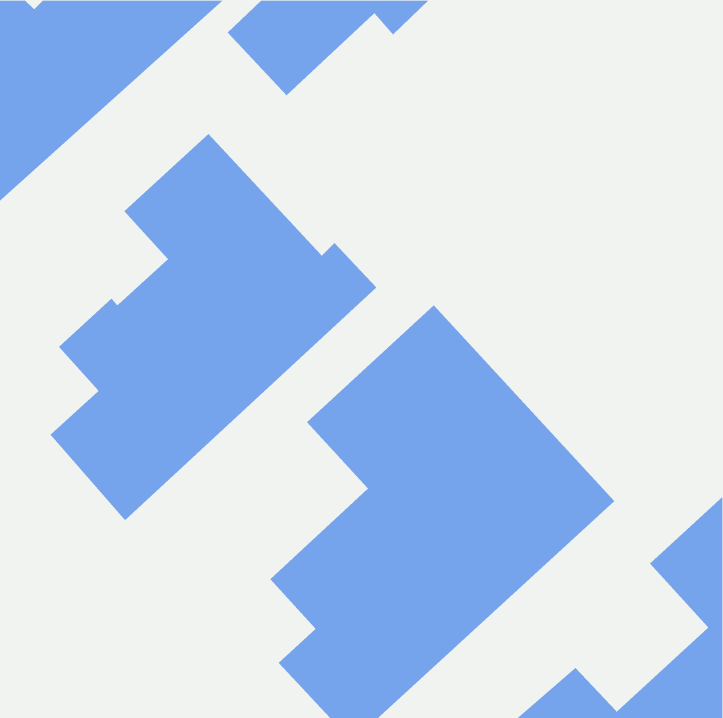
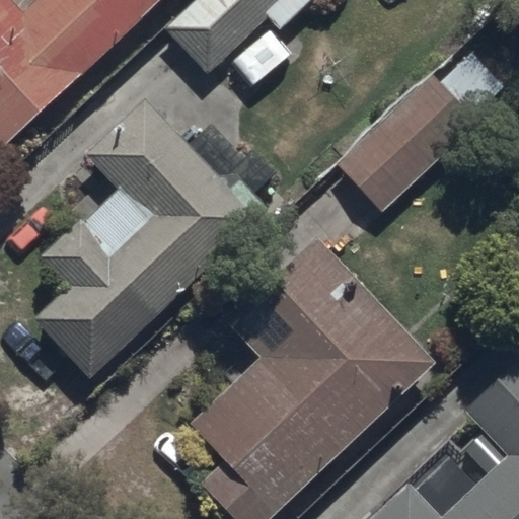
building: none -> [332,52,504,213]

